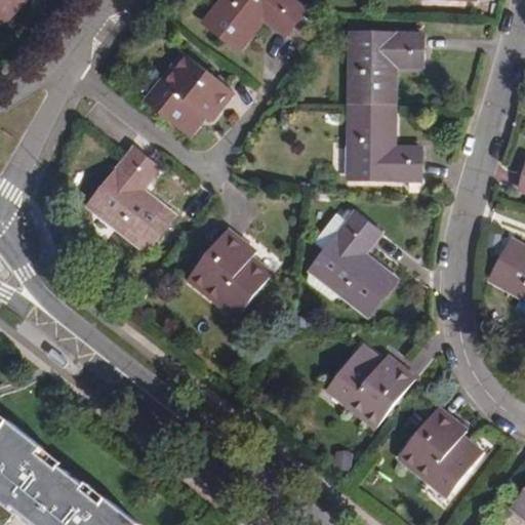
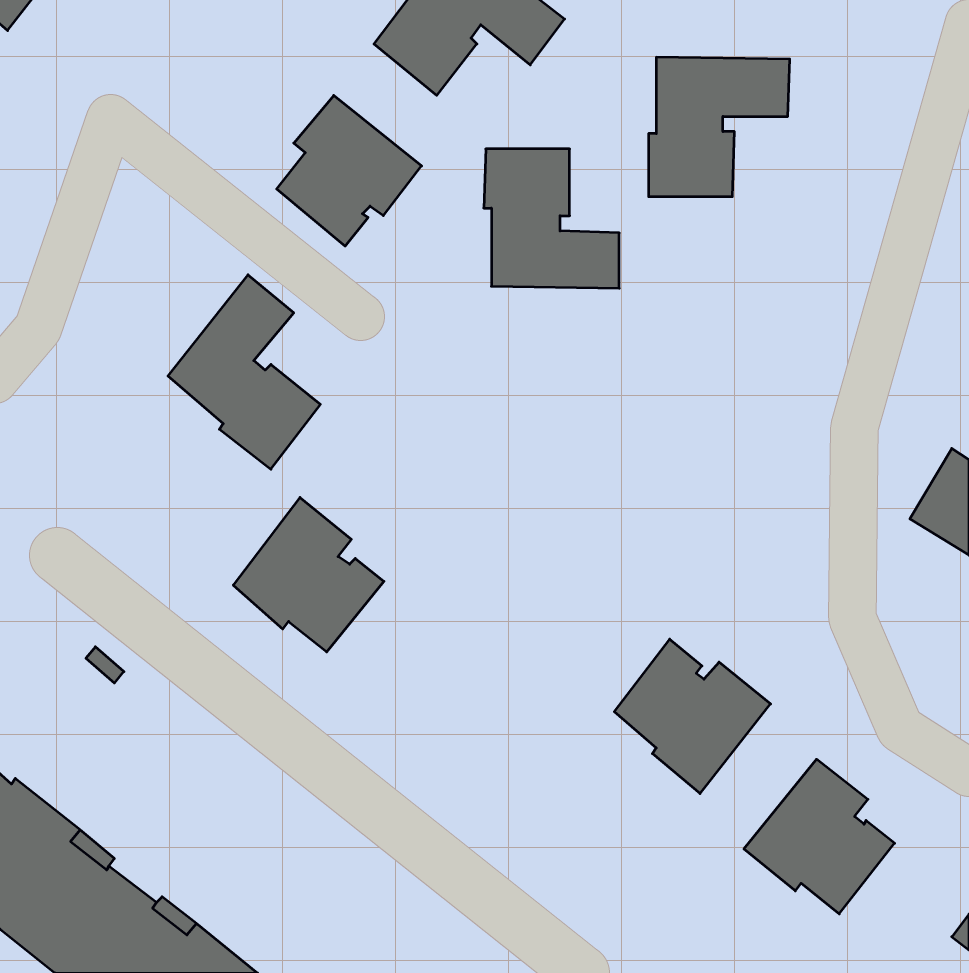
building: [348,106,420,180] -> [484,149,619,288]
building: [313,213,396,318] -> none
building: [190,230,271,313] -> [233,497,384,652]

